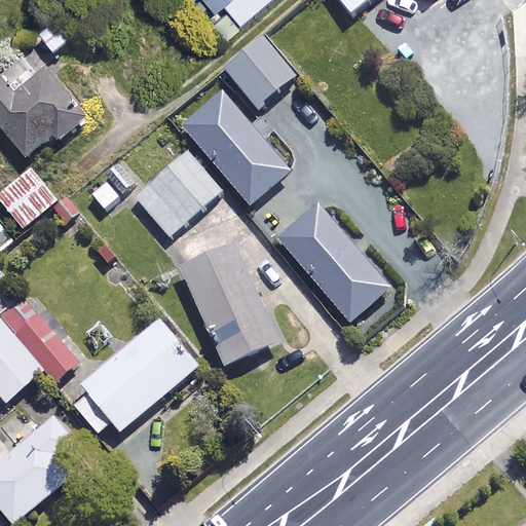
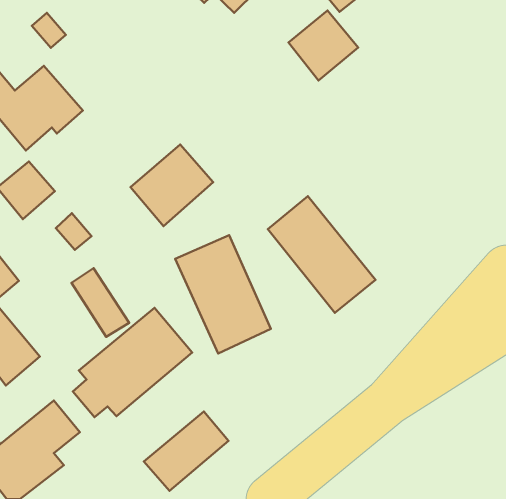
building: [224,36,296,108] -> [289,11,358,80]
building: [181,92,287,205] -> none
building: [17,306,77,377] -> [71,268,129,337]
building: none -> [144,411,229,491]

